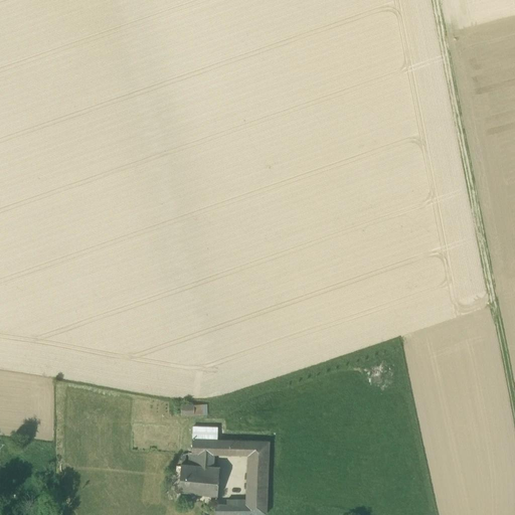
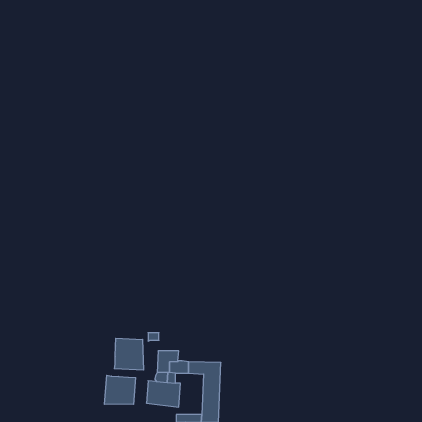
building: none -> [114,338,143,370]
building: none -> [104,375,136,404]

